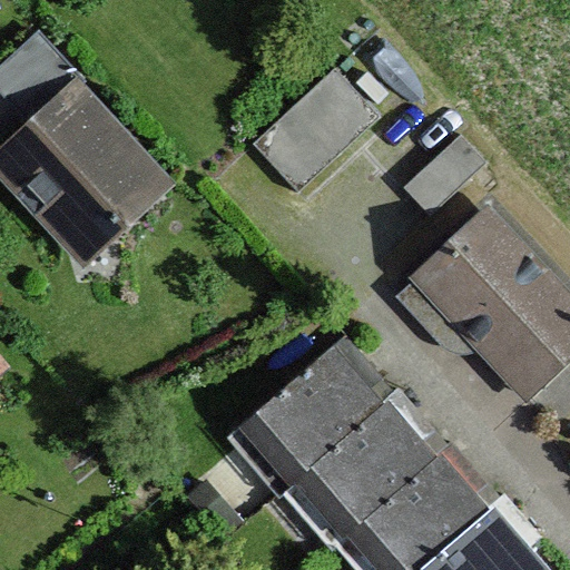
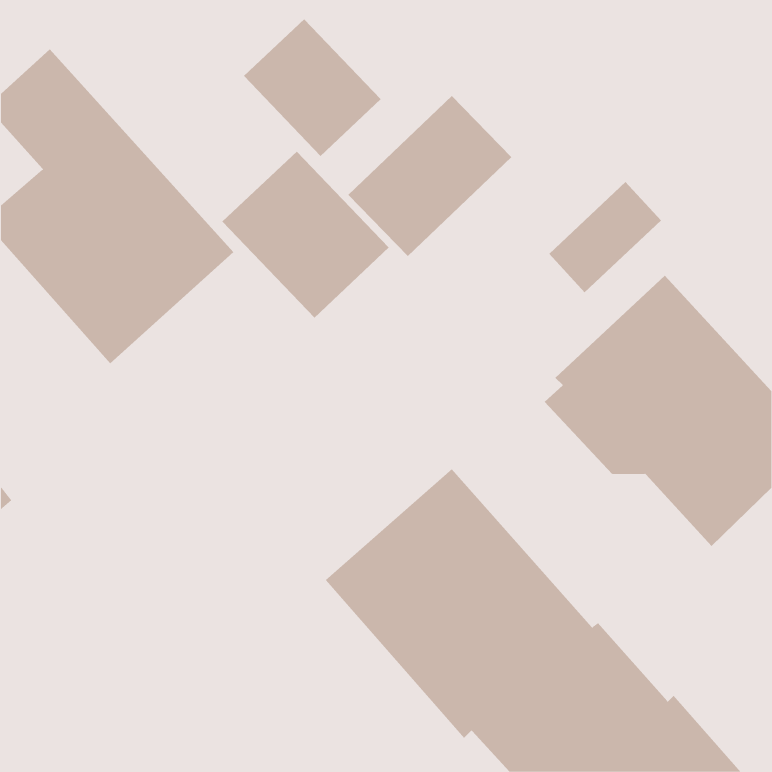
building: none -> [243,19,382,157]
building: none -> [222,151,389,318]

